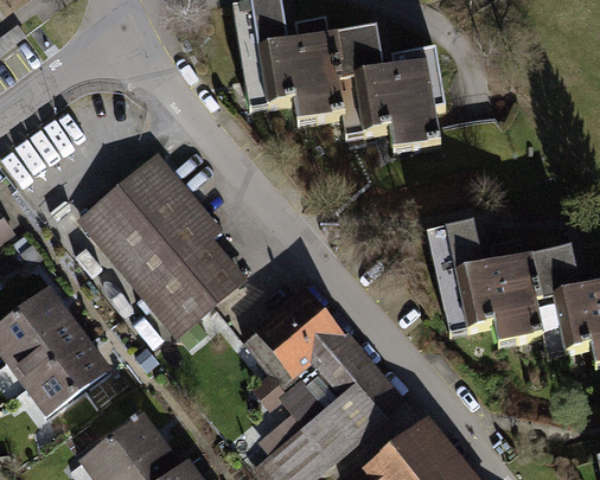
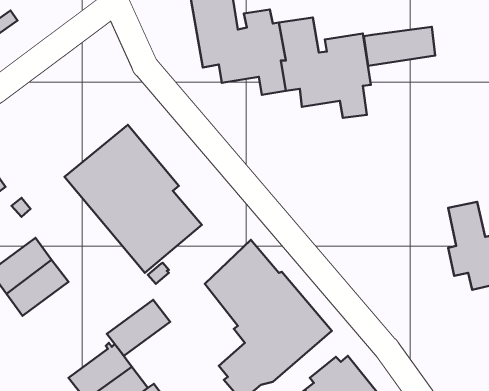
building: none -> [364,27,435,66]
building: [427,223,545,341] -> none
building: [32,343,107,409] -> [107,300,170,356]

